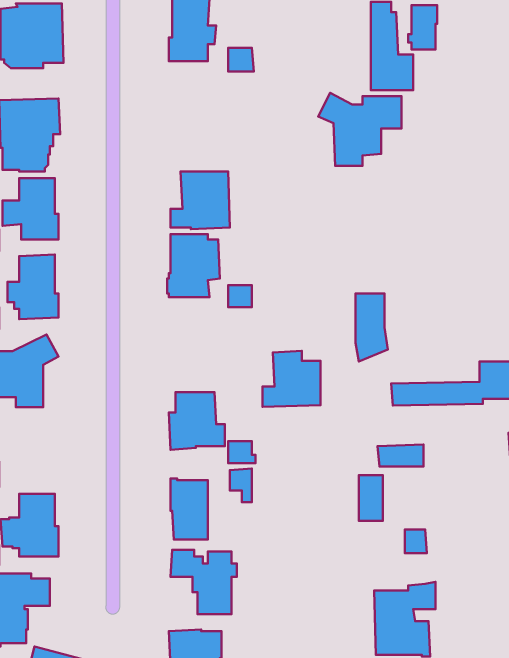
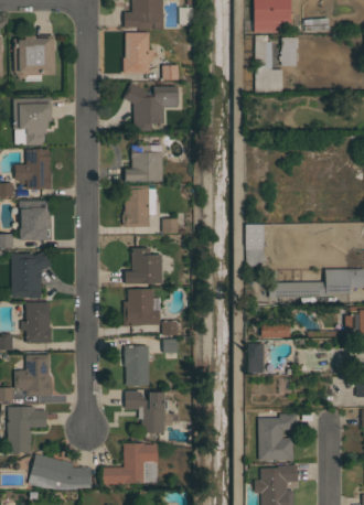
building: [318,93,402,166] -> [124,84,178,131]
building: [263,351,320,407] -> [125,248,162,284]
building: none -> [21,302,52,343]

